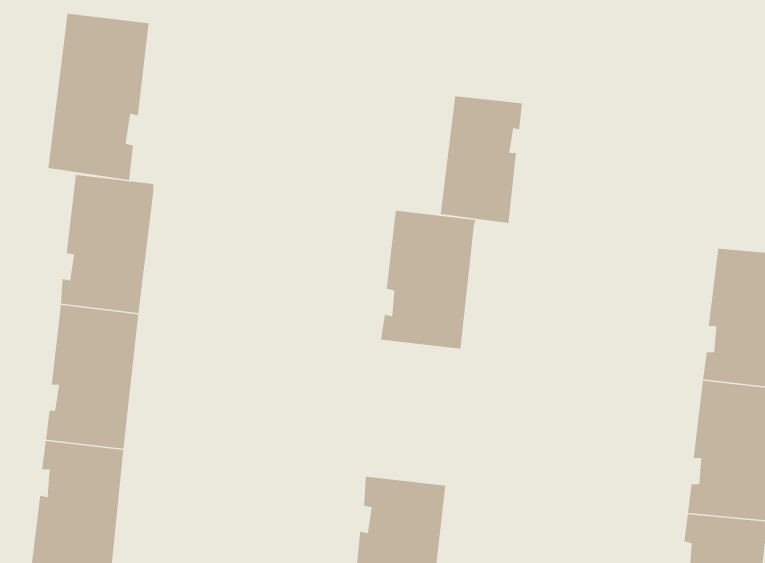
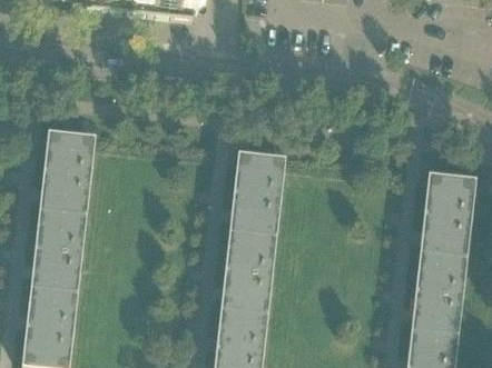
building: [48,13,150,181] -> none
building: [440,96,523,224] -> none
building: none -> [219,228,276,314]

